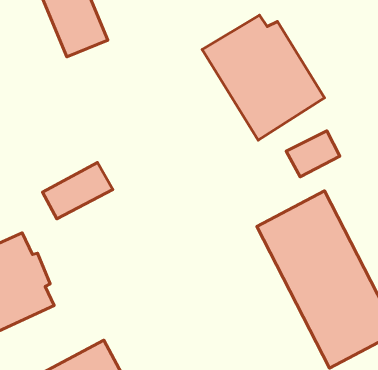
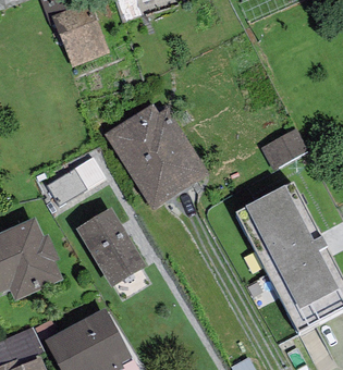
building: [202,15,325,140] -> [103,103,208,210]
building: none -> [75,208,144,286]

